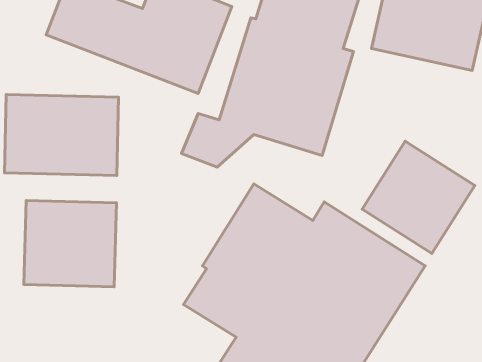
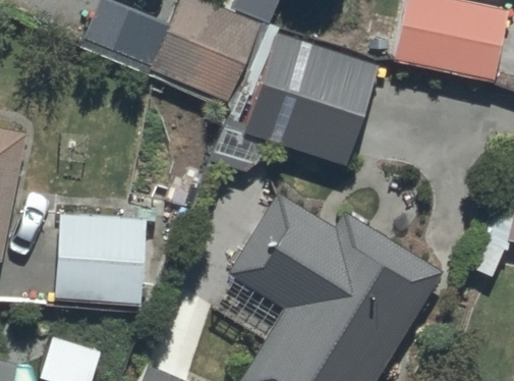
building: [4,95,118,175] -> none
building: [362,141,475,253] -> none

